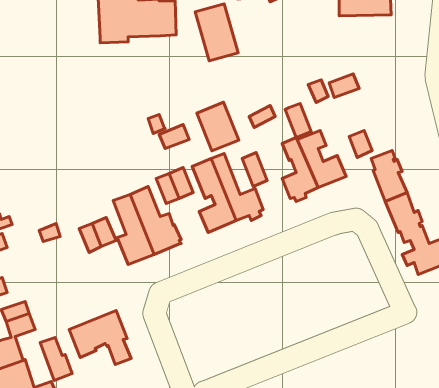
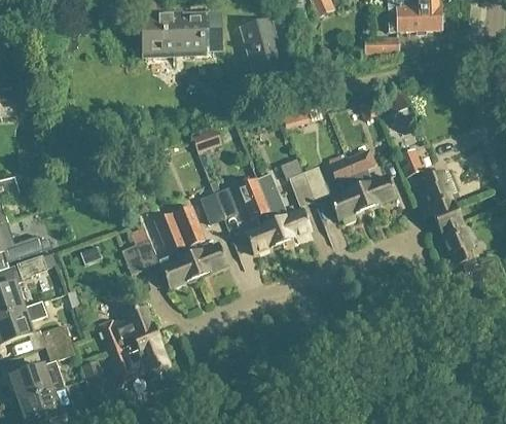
building: none -> [364,36,399,54]
building: [197,102,239,151] -> none
building: [285,104,311,138] -> [303,165,330,200]
building: none -> [99,305,159,353]

